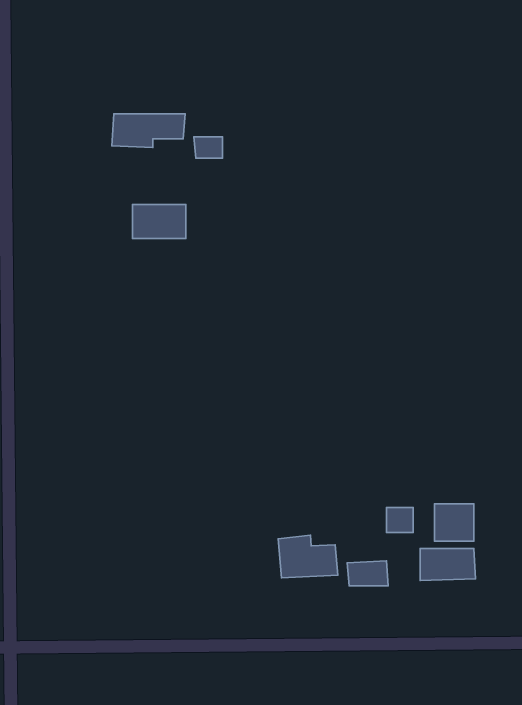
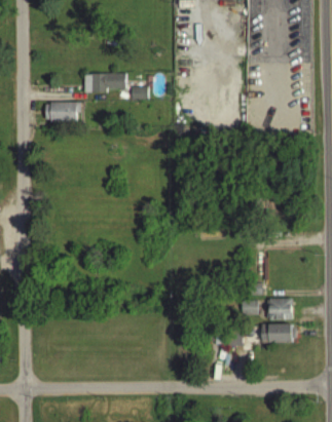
building: [132,205,186,238] -> [49,103,80,122]
building: [278,535,338,578] -> none

